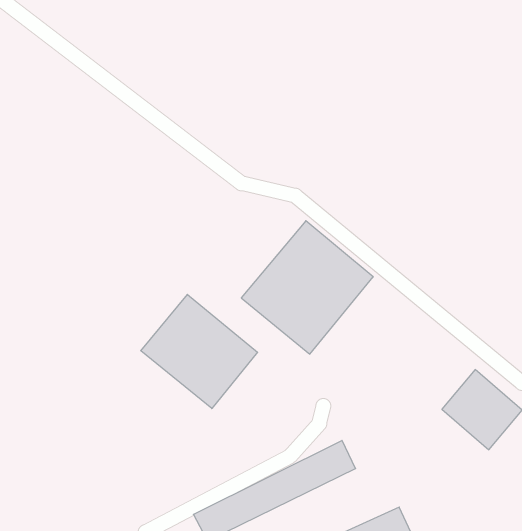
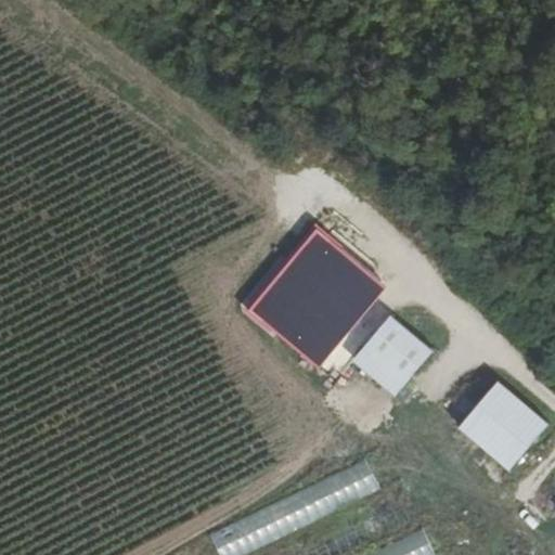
building: [141,294,258,409] -> none
building: none -> [353,317,433,396]

